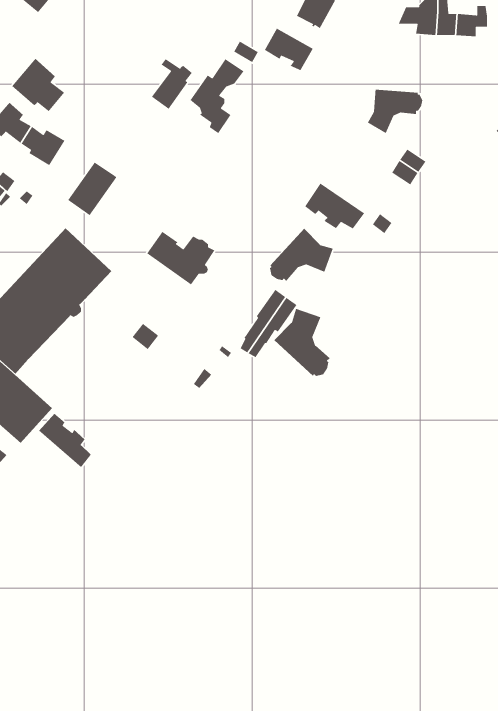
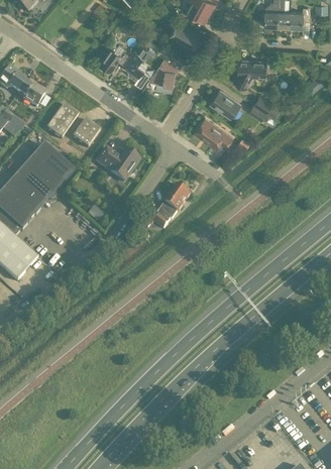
building: [11,58,65,112] -> none
building: none -> [149,52,181,91]
building: none -> [209,88,239,116]
building: none -> [71,118,99,146]
building: [269,228,334,282] -> none
building: [274,308,331,377] -> none
building: [38,413,93,468] -> none

